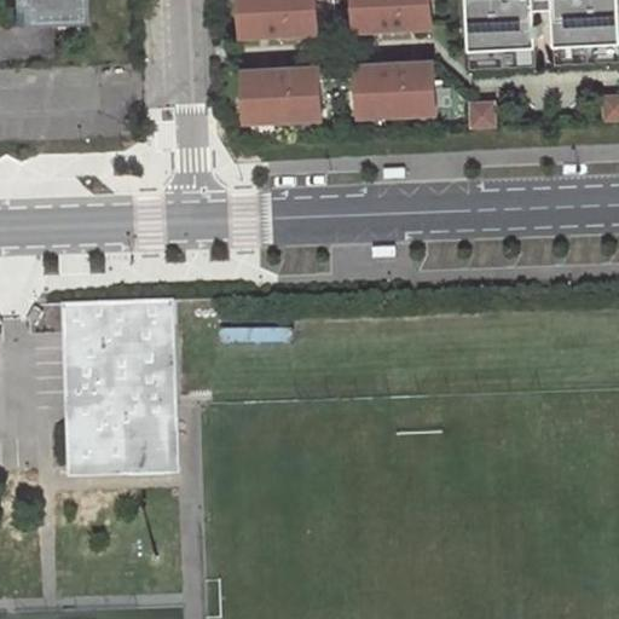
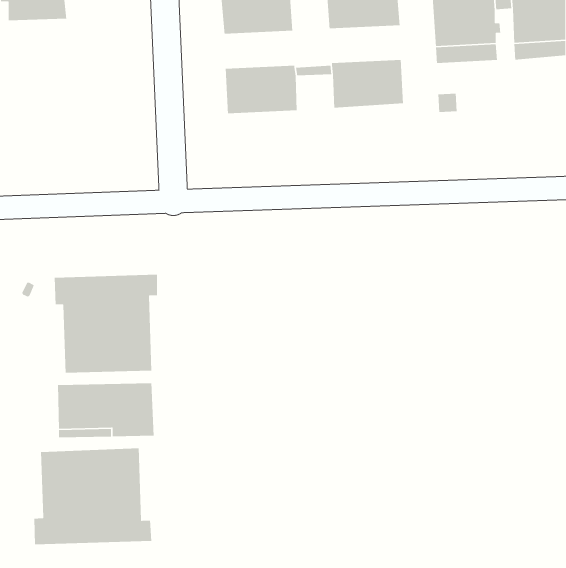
building: [59,320,175,472] -> none
building: none -> [33,448,152,545]

